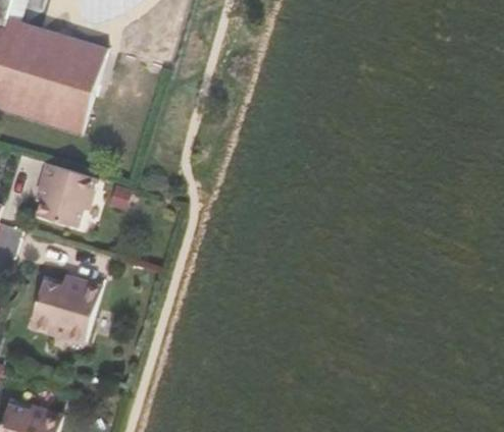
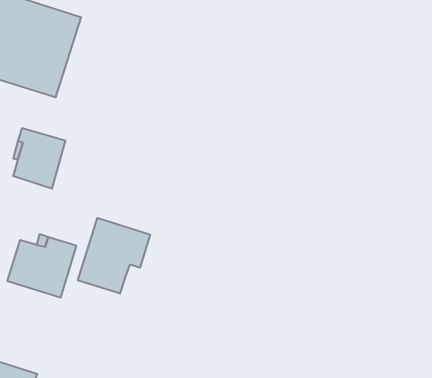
building: none -> [78,218,150,294]

